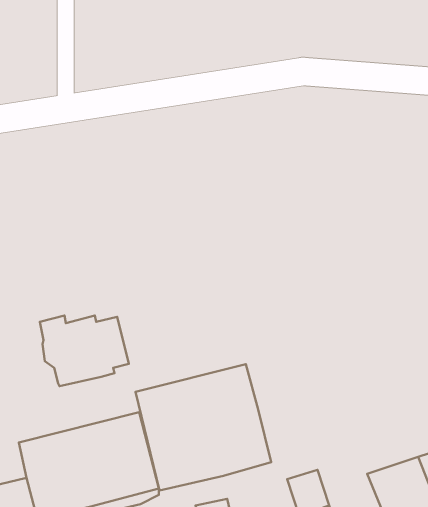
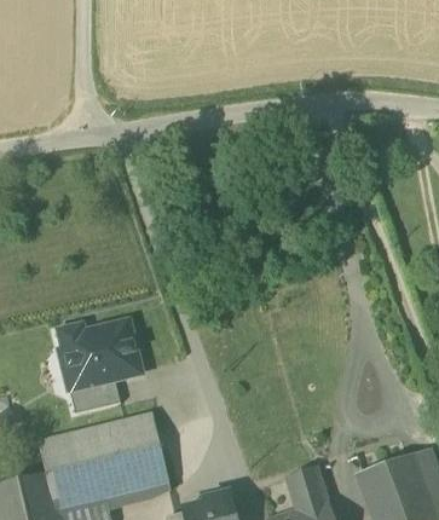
building: [135,364,271,491] -> none
building: none -> [68,381,120,415]

